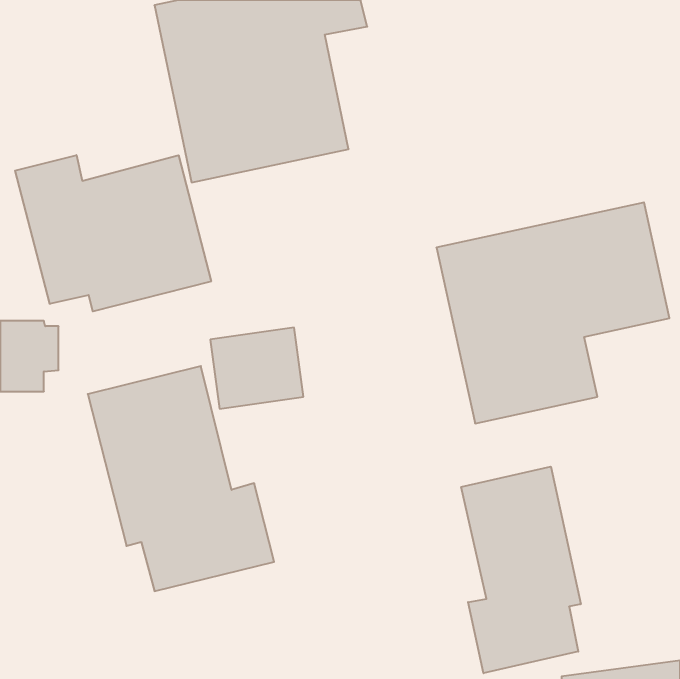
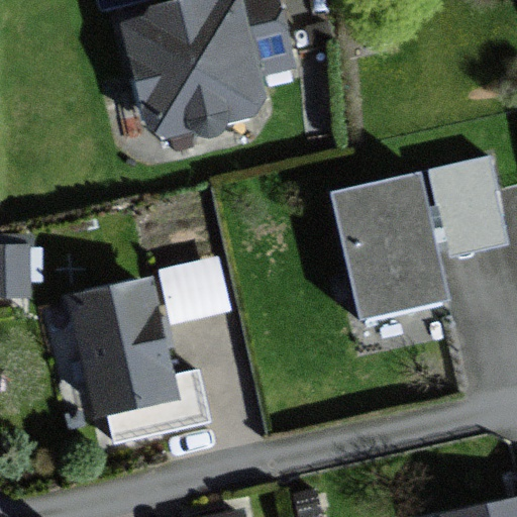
building: [15,155,211,311] -> none
building: [461,467,581,673] -> none

